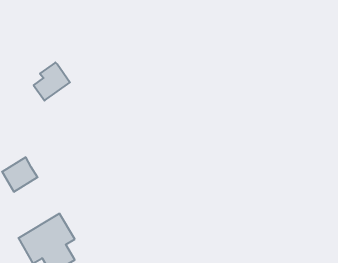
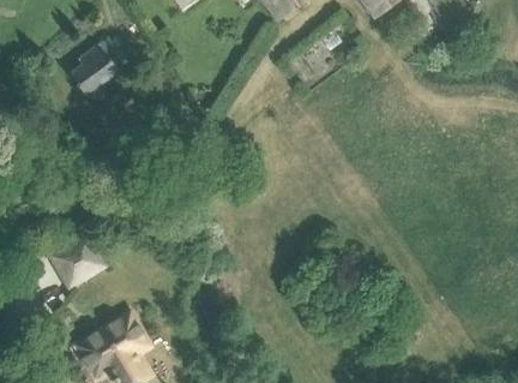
building: [34,62,70,101] -> [70,44,118,95]

